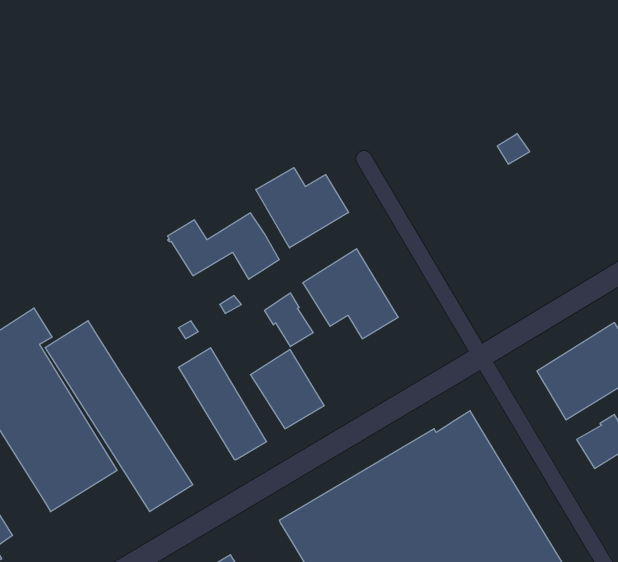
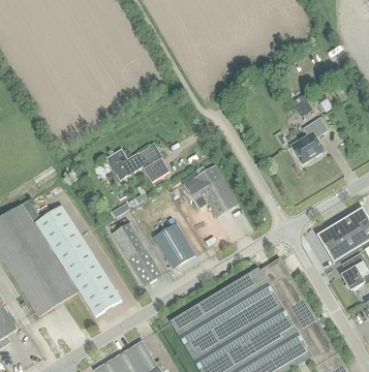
building: none -> [291,117,327,160]
building: [256,168,349,248] -> none
building: [265,293,313,347] -> none

